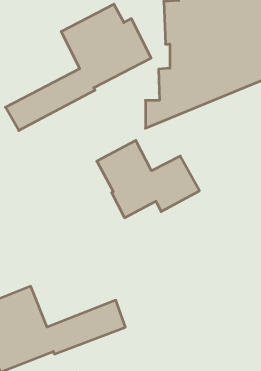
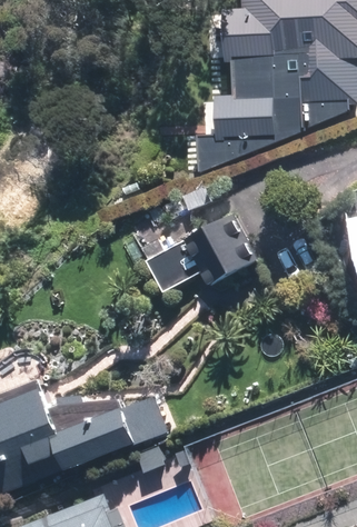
building: [5,4,151,131] -> none

